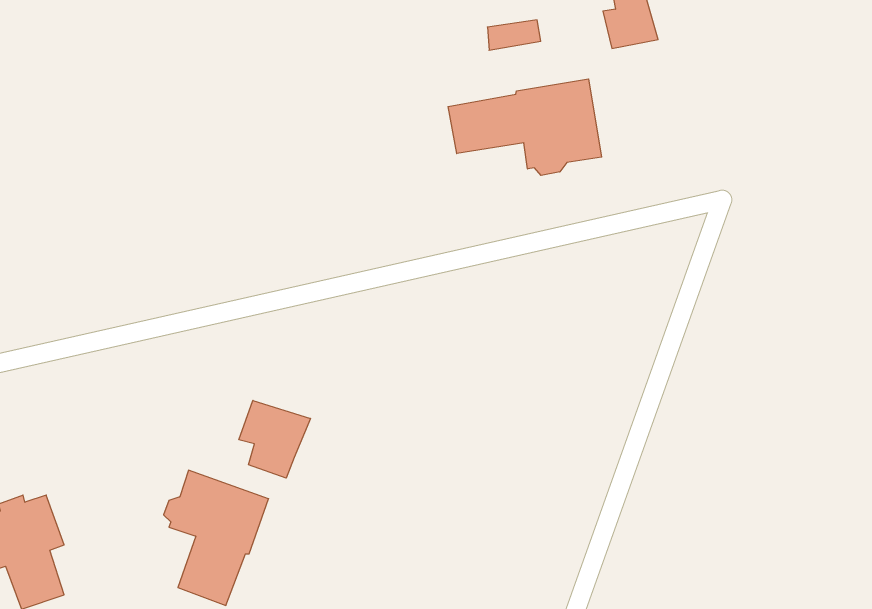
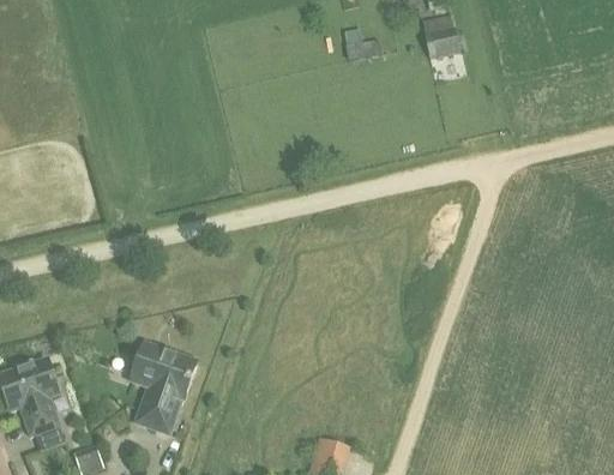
building: [448,79,602,175] -> none
building: [239,400,310,478] -> none

